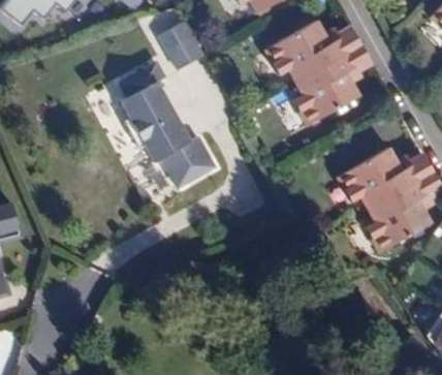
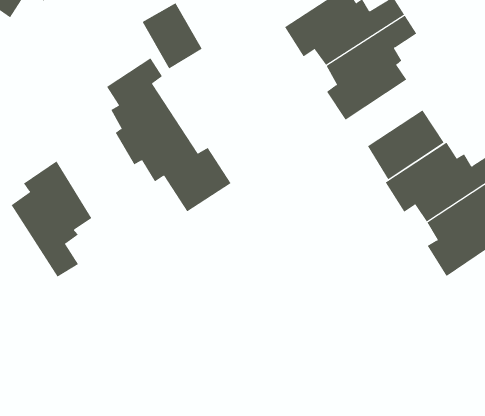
building: none -> [367,110,444,180]
building: none -> [11,161,92,278]

